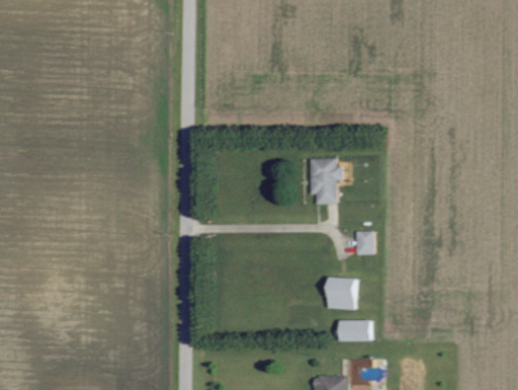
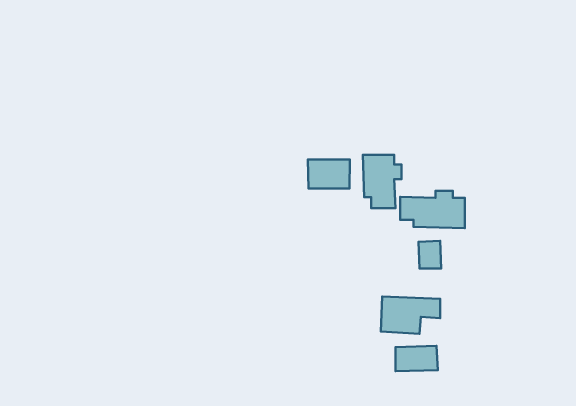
building: none -> [308,159,350,189]
building: none -> [400,191,465,228]

